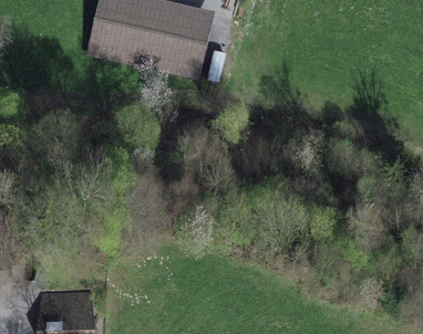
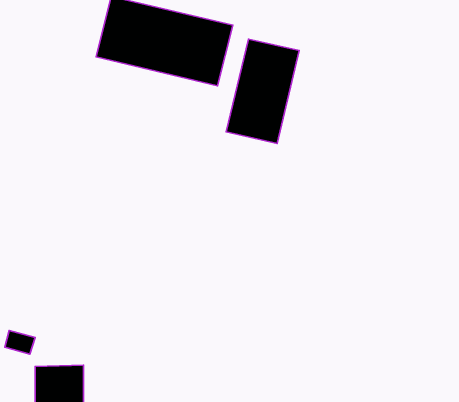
building: none -> [226,39,299,144]

